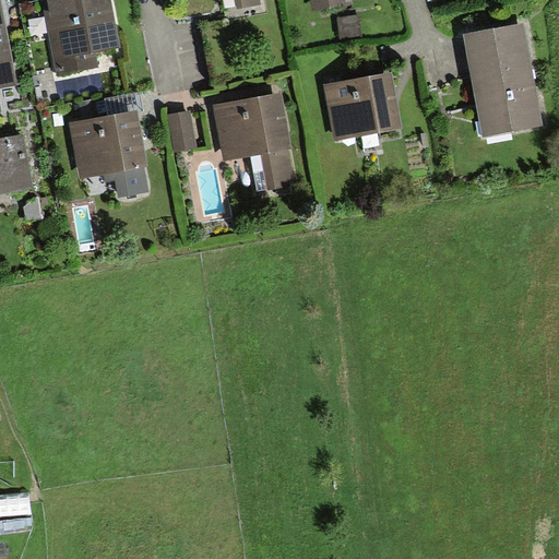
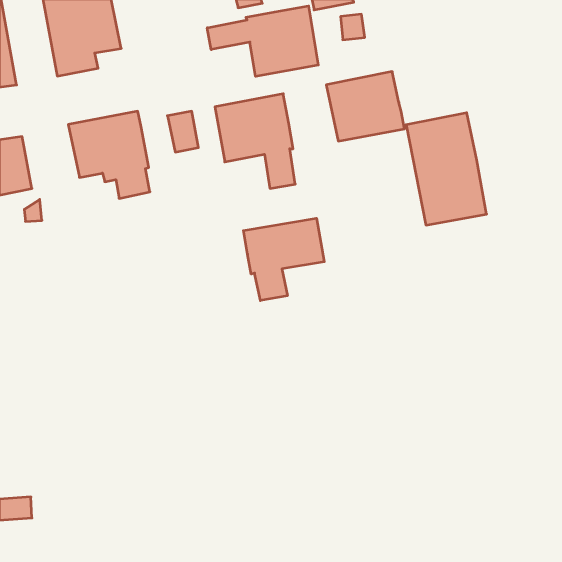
building: none -> [207,6,318,76]
building: [463,23,543,134] -> [406,113,487,225]
building: none -> [243,218,324,301]

